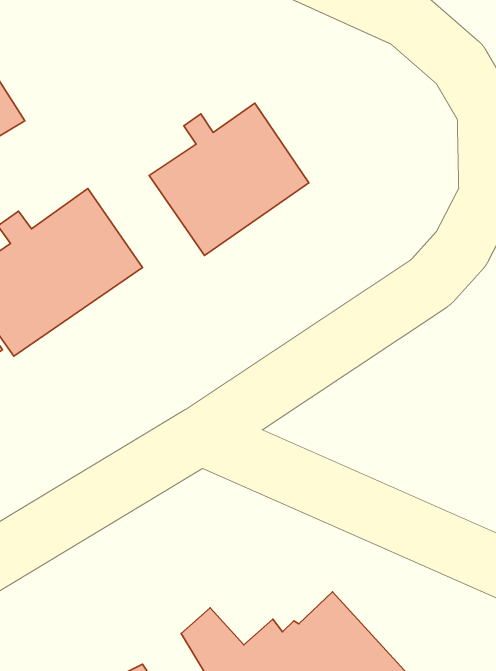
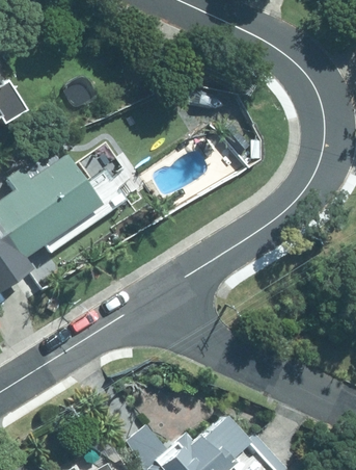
building: [149,103,309,256] -> none

